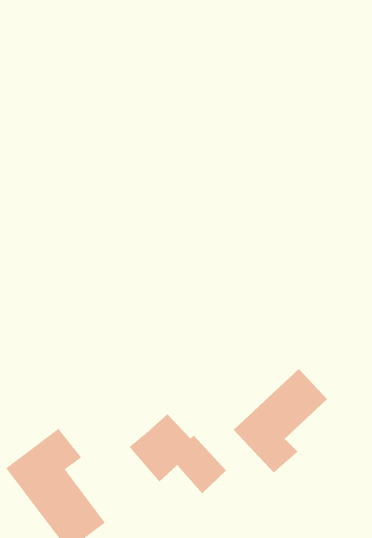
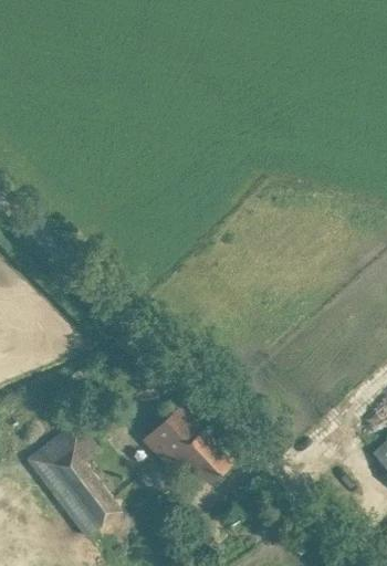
building: [233,368,328,474] -> none

